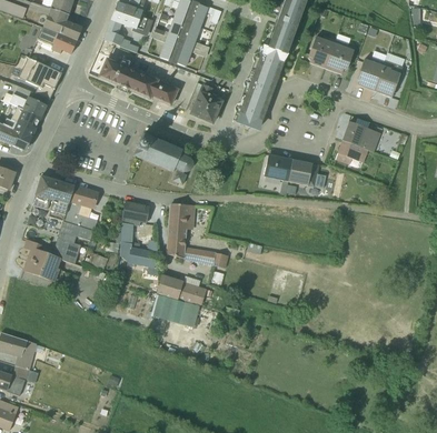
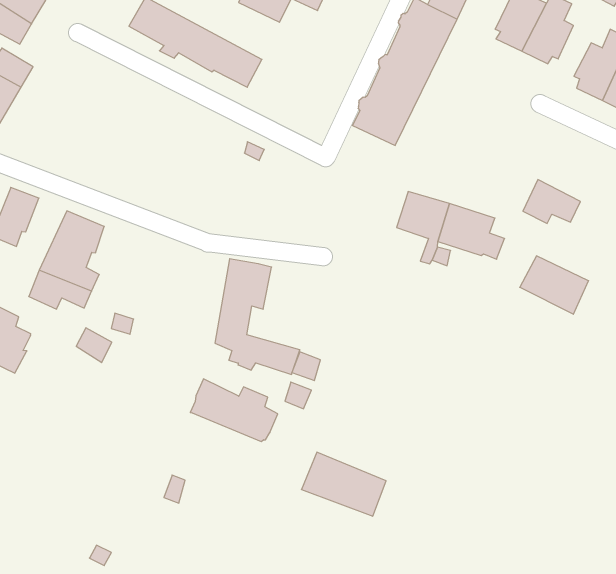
building: [190,84,221,123] -> none
building: [341,121,380,152] -> [520,256,589,314]
building: [133,133,192,184] -> none
building: [48,180,75,221] -> none
building: [120,202,157,266] -> none
building: [52,236,80,263] -> none
building: [151,293,199,326] -> [301,452,386,516]

